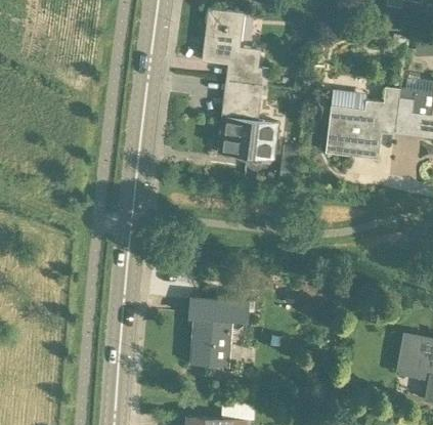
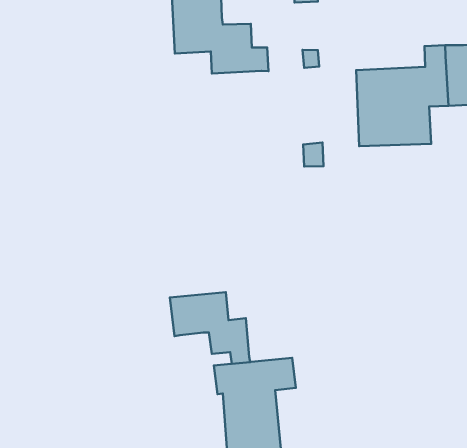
building: [216,81,278,160] -> none
building: none -> [170,292,250,364]

